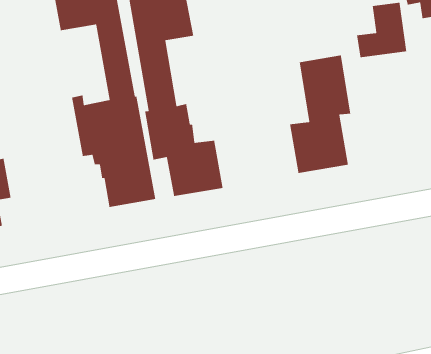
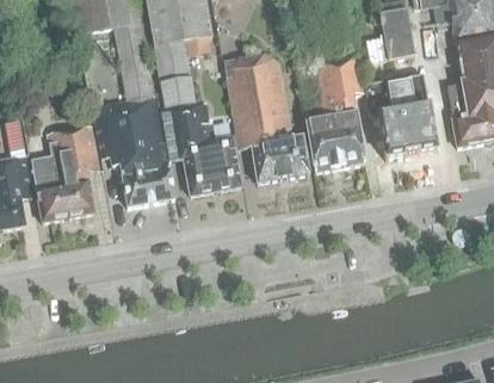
building: none -> [227,56,308,183]
building: none -> [362,73,437,160]
building: none -> [31,125,100,221]

